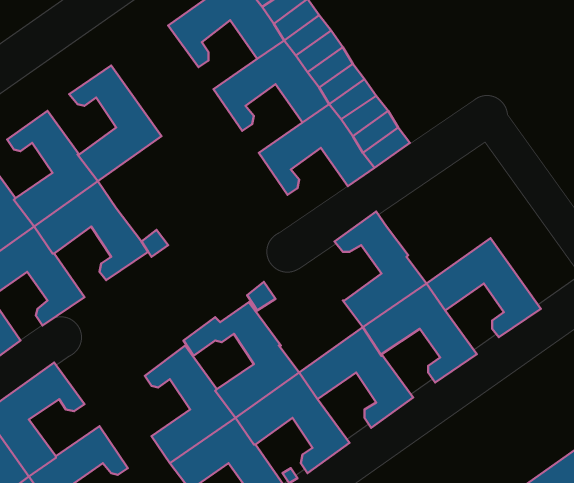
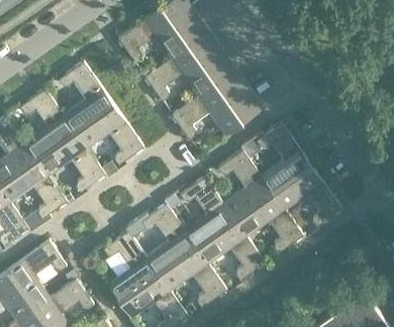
building: none -> [76,106,144,167]
building: none -> [241,125,312,195]
building: none -> [180,179,235,248]

